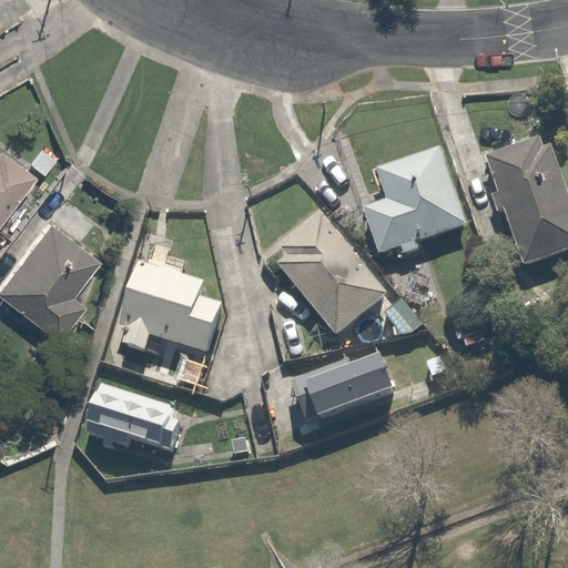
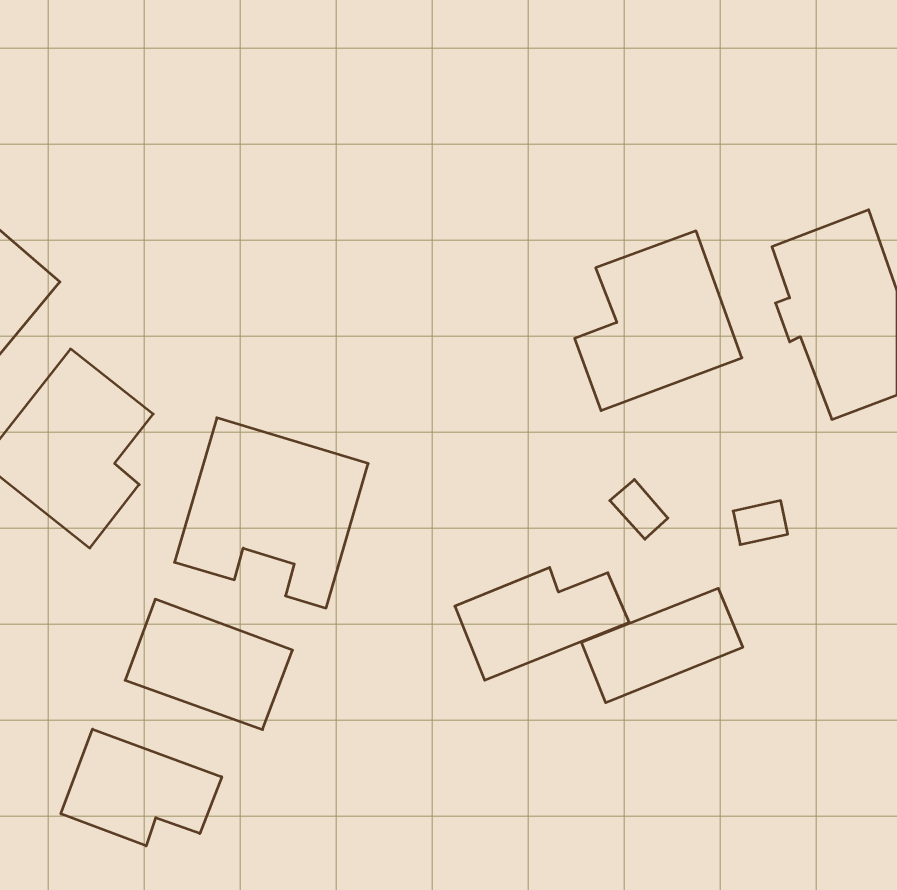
building: [273,211,392,339] -> none
building: none -> [581,588,743,703]
building: none -> [61,729,222,846]

